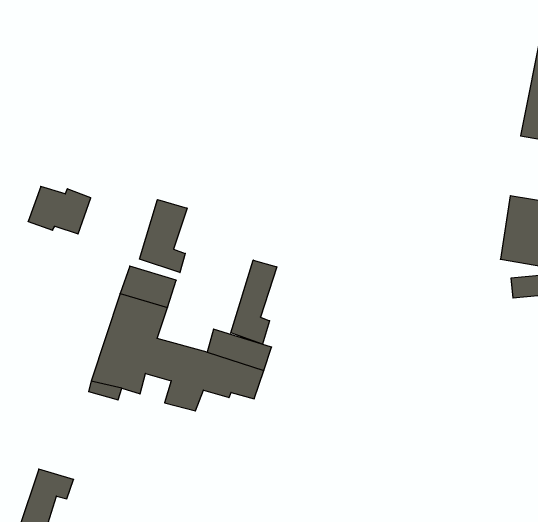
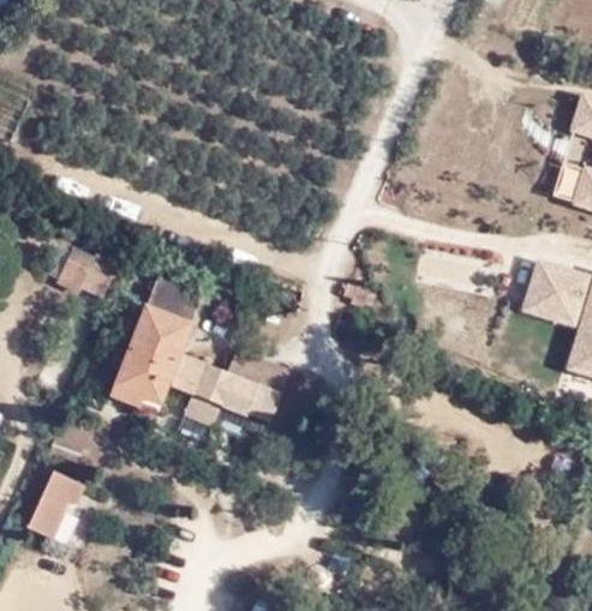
building: [28,186,91,234] -> [54,252,116,301]
building: [139,200,187,273] -> none
building: [231,260,277,344] -> none

